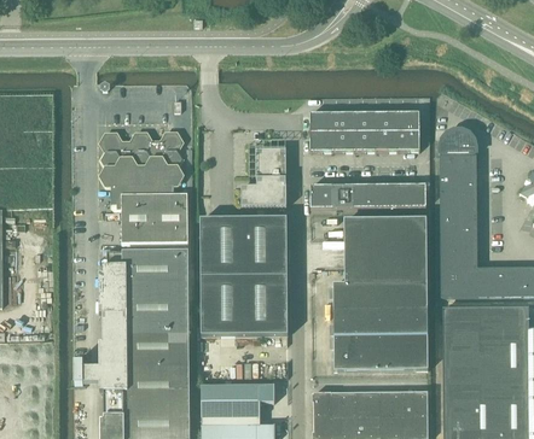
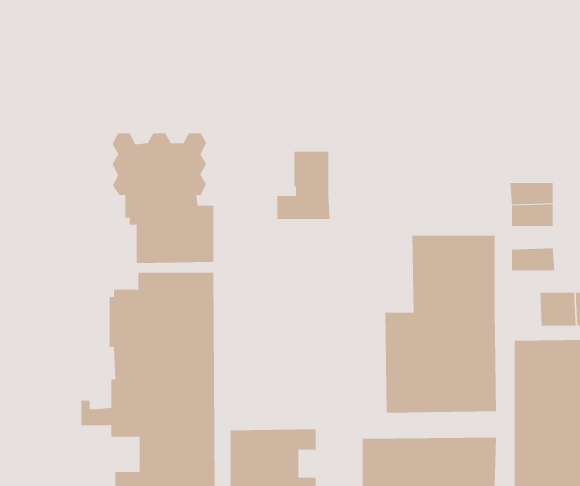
building: [309,112,419,151] -> none
building: [439,129,476,175] -> none
building: [309,185,425,207] -> none
building: [440,212,476,232] -> none
building: [199,218,288,335] -> none
building: [440,250,477,297] -> none

